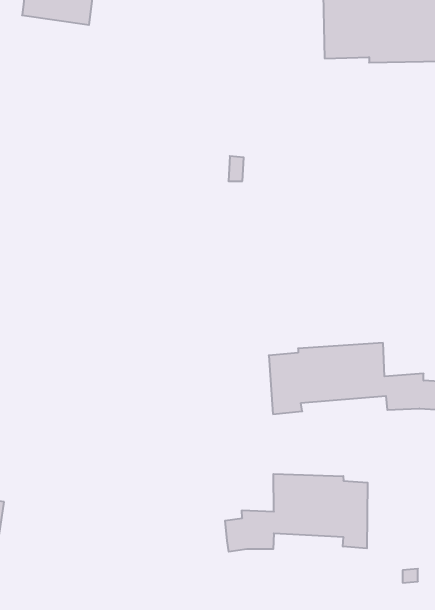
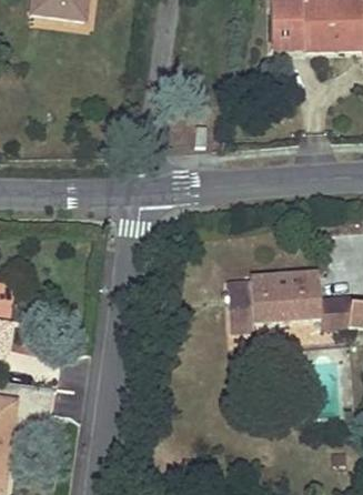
building: [225,474,368,552] -> none

